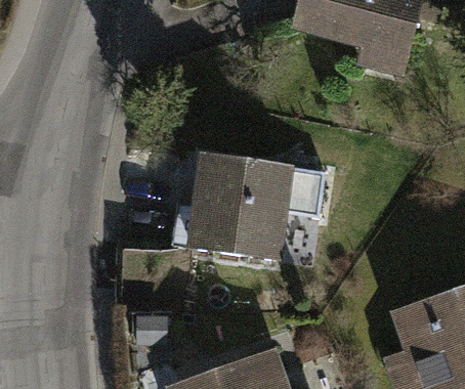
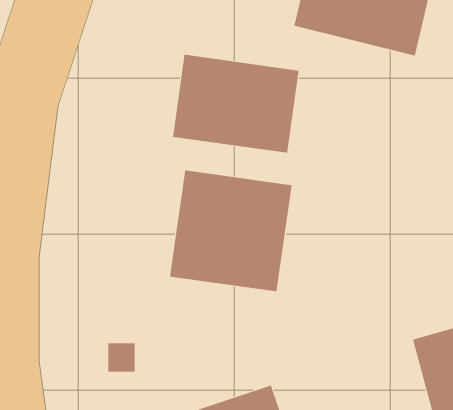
building: none -> [173,54,299,154]

